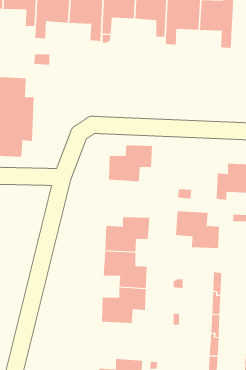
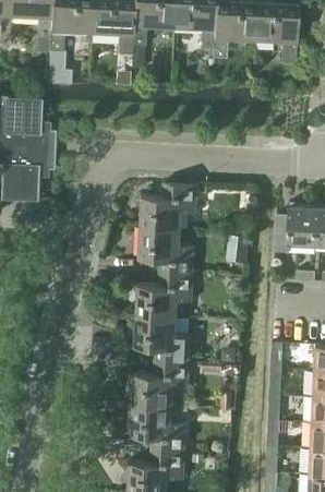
building: [175,211,220,248] -> [140,228,195,275]
building: none -> [131,405,186,453]

